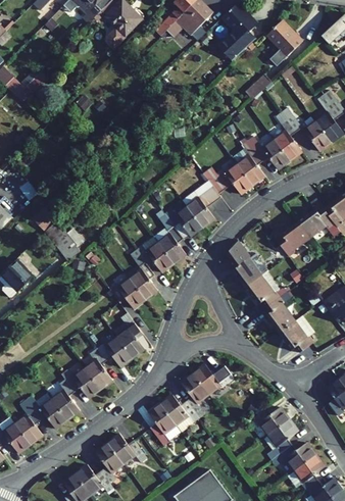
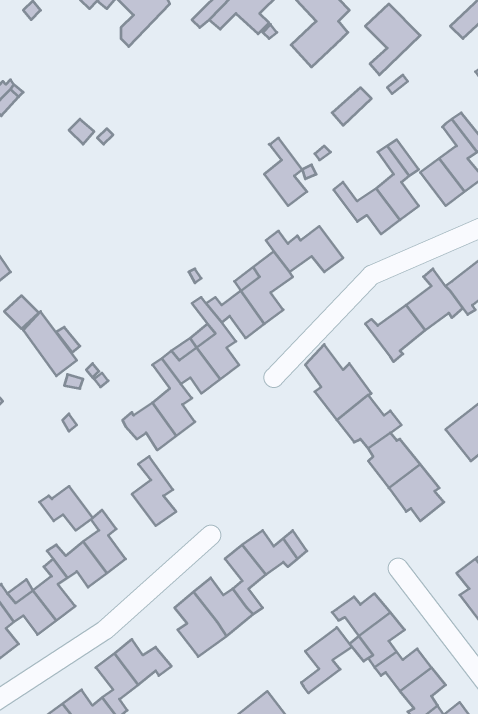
building: [238,141,265,185] -> [264,138,307,206]
building: [97,338,132,366] -> [39,486,93,530]
building: none -> [301,627,352,693]

